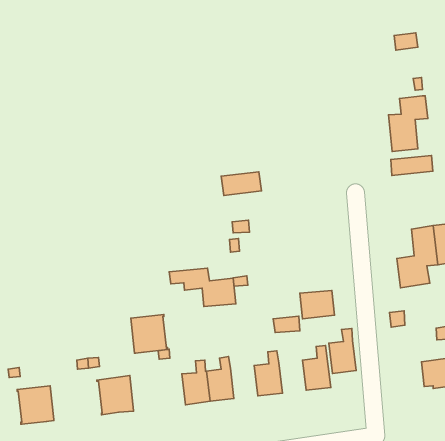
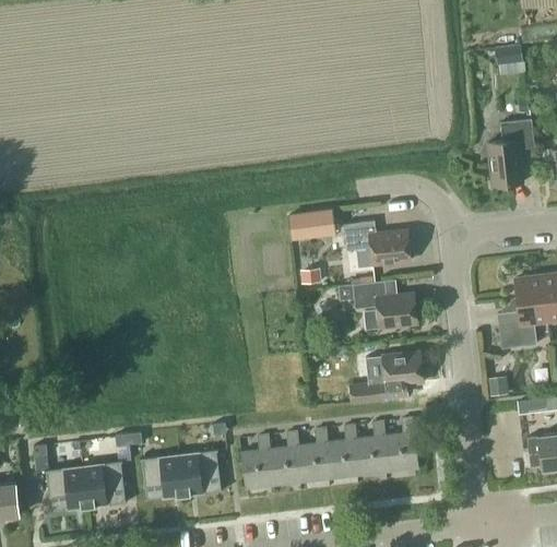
building: [391,156,433,175] -> none
building: none -> [343,222,410,265]
building: [169,268,236,307] -> [337,282,417,328]
building: [131,315,167,353] -> [178,450,222,496]
building: [329,329,356,373] -> [356,421,389,475]
building: none -> [298,428,331,481]
building: none -> [83,462,127,508]

